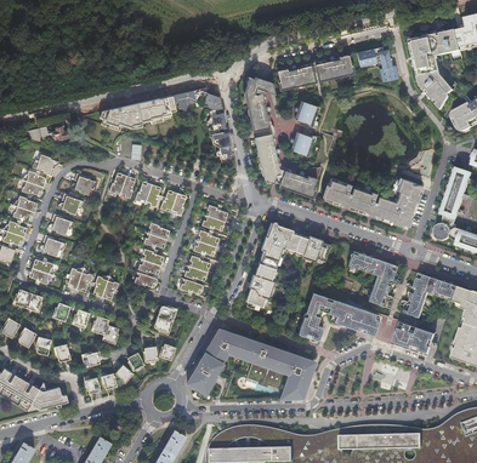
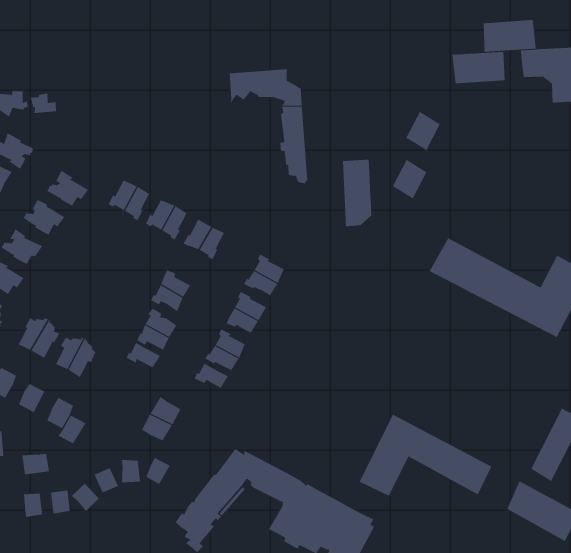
building: [276,62,312,87] -> [483,20,536,52]
building: [244,74,269,128] -> none
building: [102,95,178,128] -> none
building: [278,167,316,195] -> none
building: [240,221,329,311] -> none
building: [347,250,396,305] -> none

